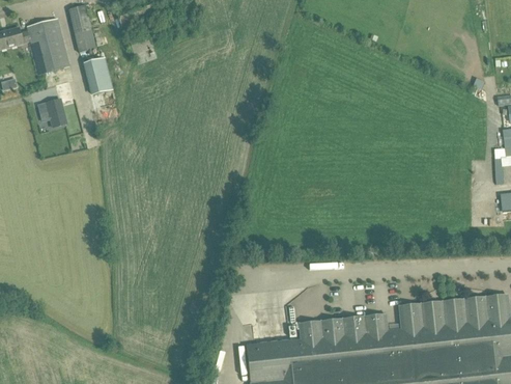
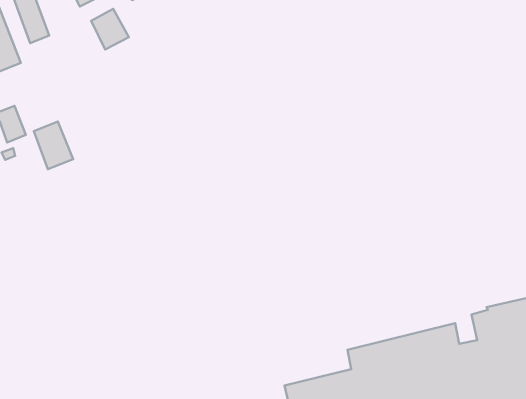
building: [84,56,112,92] -> [34,122,73,169]

